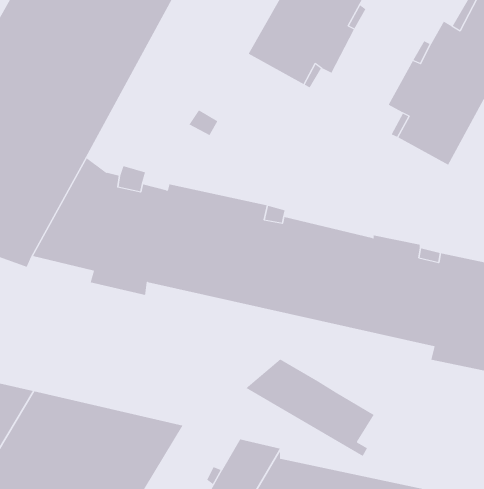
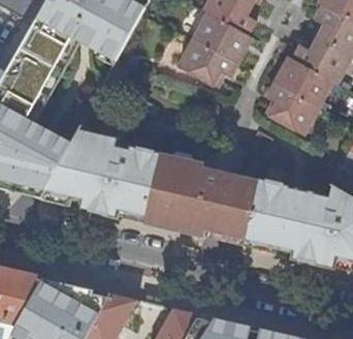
building: [245,358,374,457] -> none

